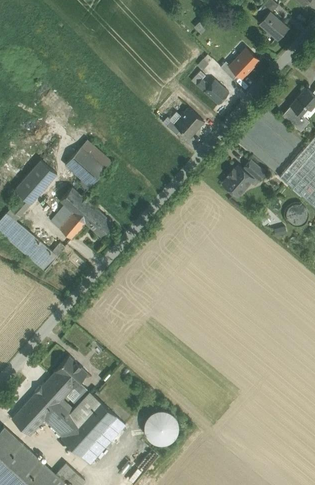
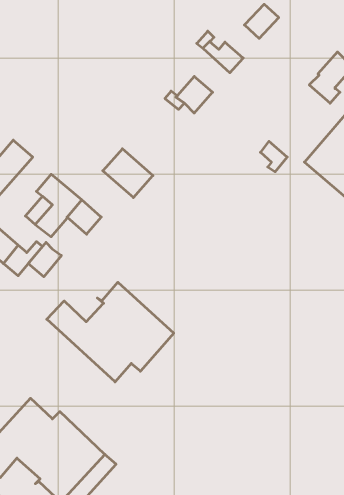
building: [66,147,107,187] -> [103,149,153,198]
building: [223,166,253,196] -> none
building: none -> [28,242,61,277]
building: none -> [47,282,174,382]
building: [56,356,88,388] -> none
building: [145,411,179,444] -> none

